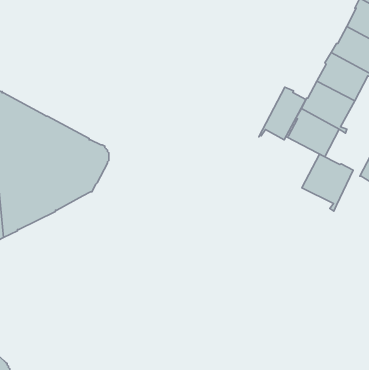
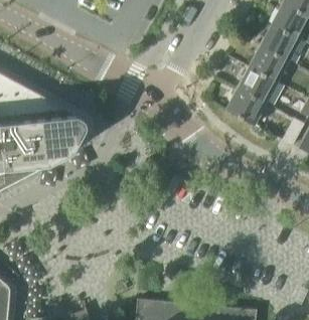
building: [259,87,306,140] -> none
building: [302,154,353,211] -> none

